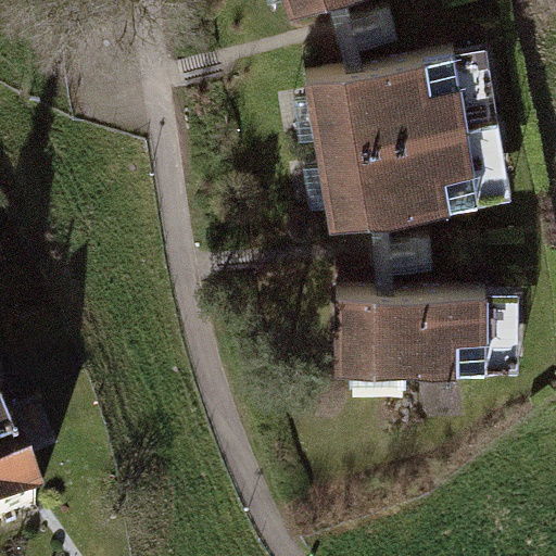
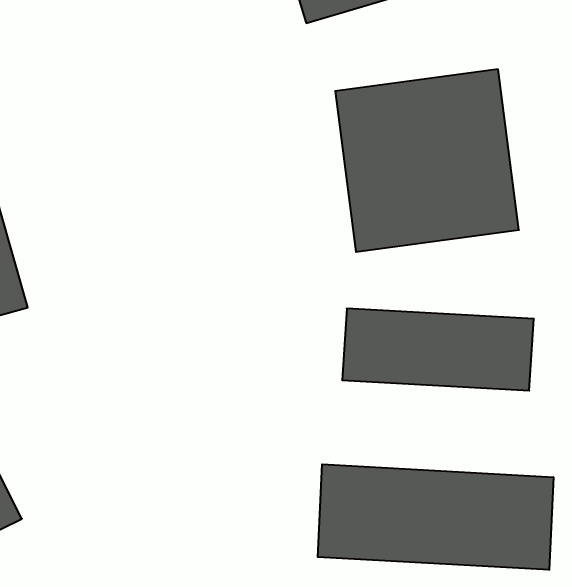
building: none -> [318,464,553,570]

